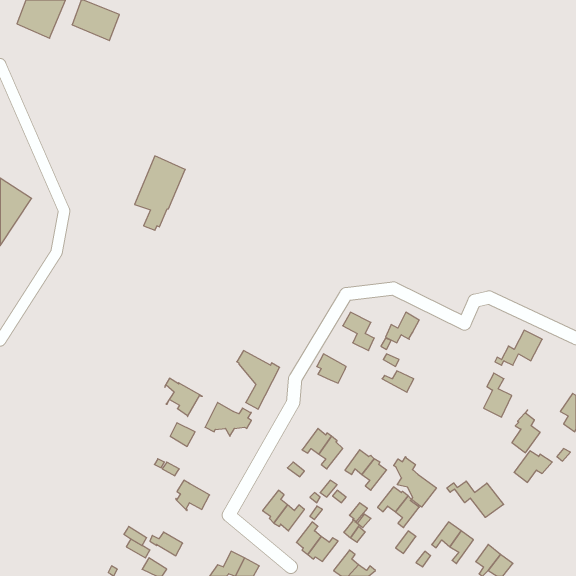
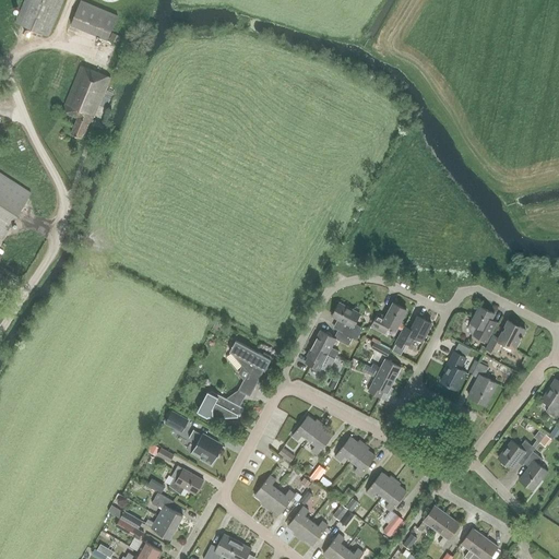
building: [135,156,185,230] -> [62,66,111,138]
building: none -> [468,305,496,342]
building: none -> [395,316,431,346]
building: none -> [313,330,357,357]
building: none -> [440,352,464,389]
building: none -> [361,365,394,396]
building: [165,378,202,417] -> [189,429,225,466]
building: [512,410,540,453] -> [520,448,547,489]
building: [394,457,436,507] -> none
building: [447,481,504,517] -> none
building: none -> [152,491,183,526]

